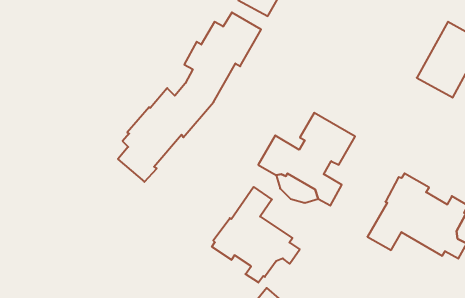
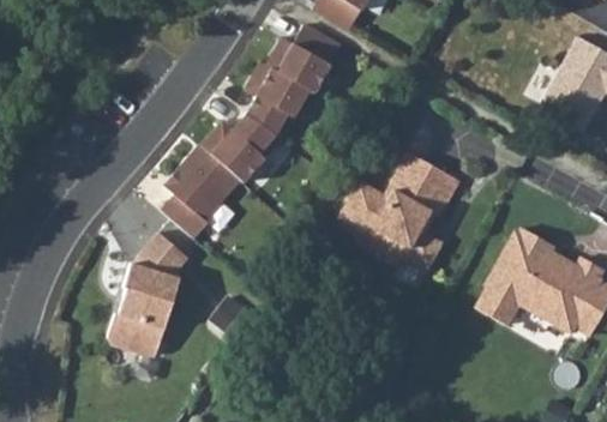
building: none -> [108,233,190,356]
building: [212,187,300,283] -> none

